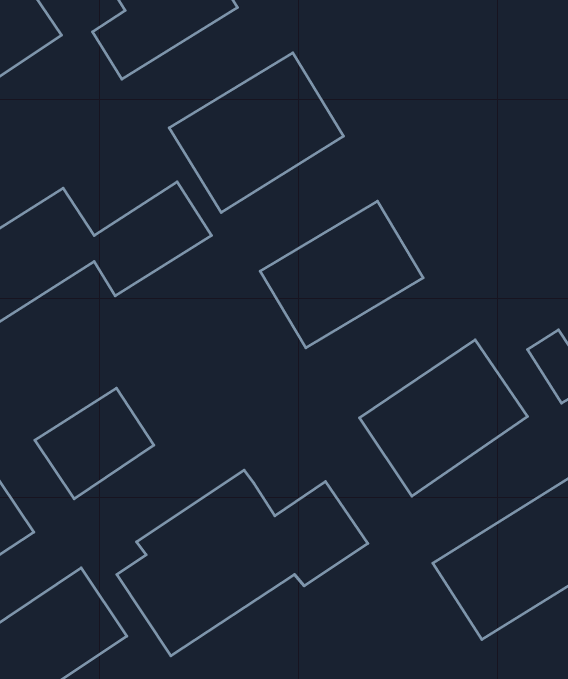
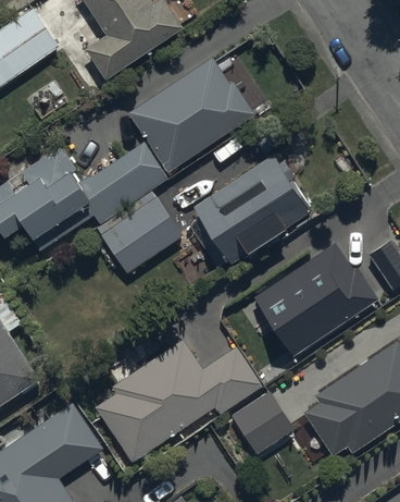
building: [35,388,154,499] -> [102,199,182,273]
building: none -> [233,393,295,456]

